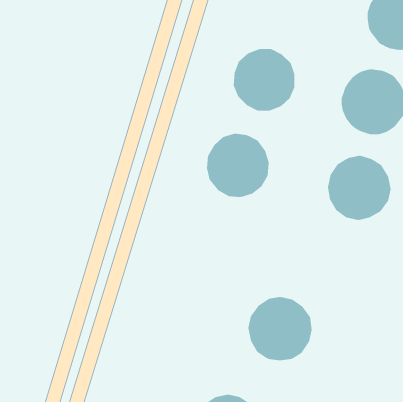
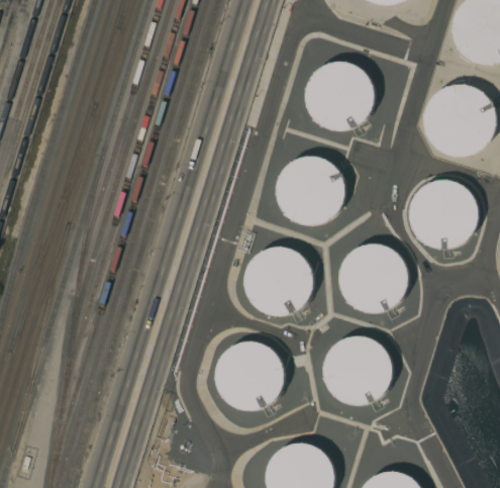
building: none -> [338,242,409,313]
building: none -> [245,247,314,315]
building: none -> [213,340,284,410]

